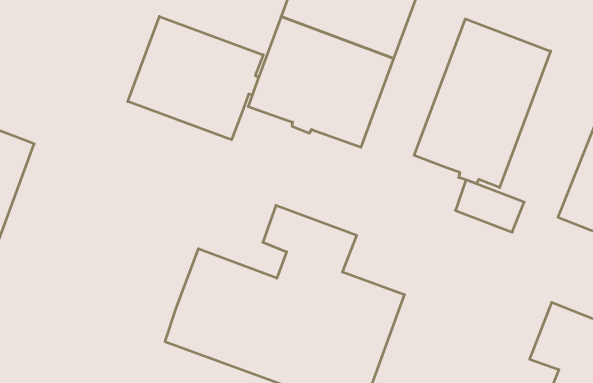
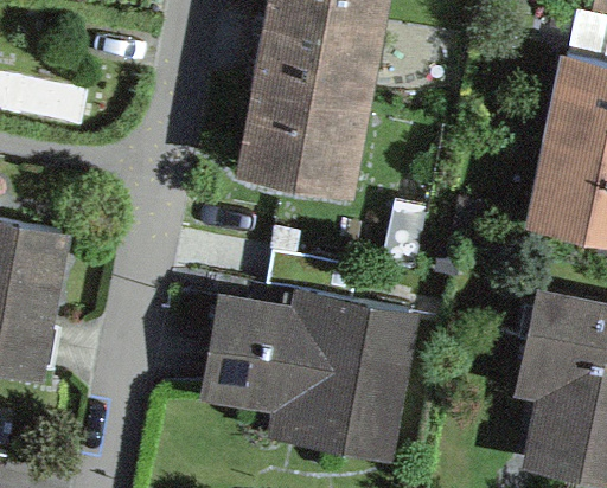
building: [128,16,263,140] -> none
building: [414,19,551,188] -> none

